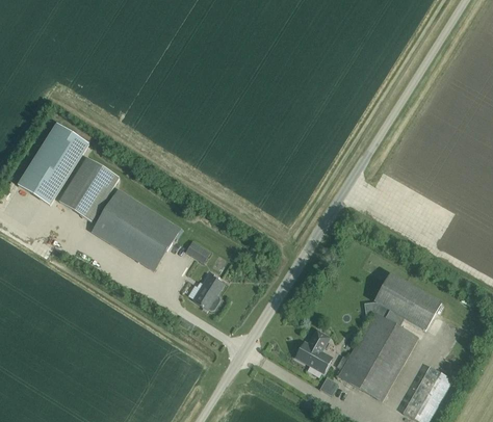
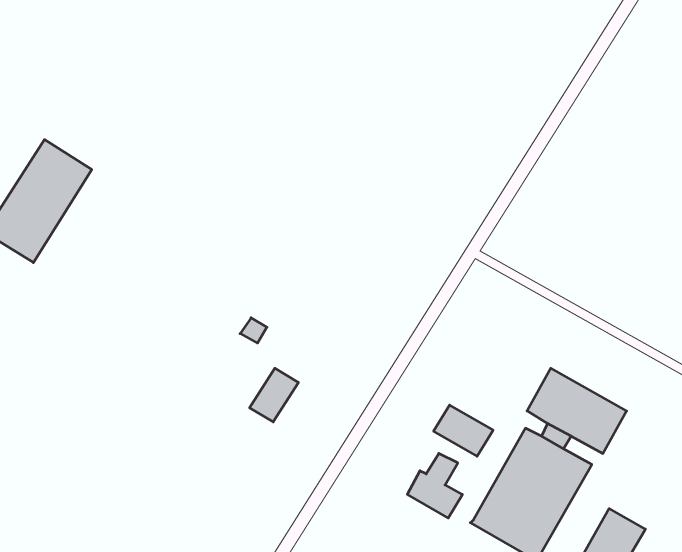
building: [59,157,119,220] -> none
building: [92,188,180,270] -> none
building: none -> [434,405,493,456]

